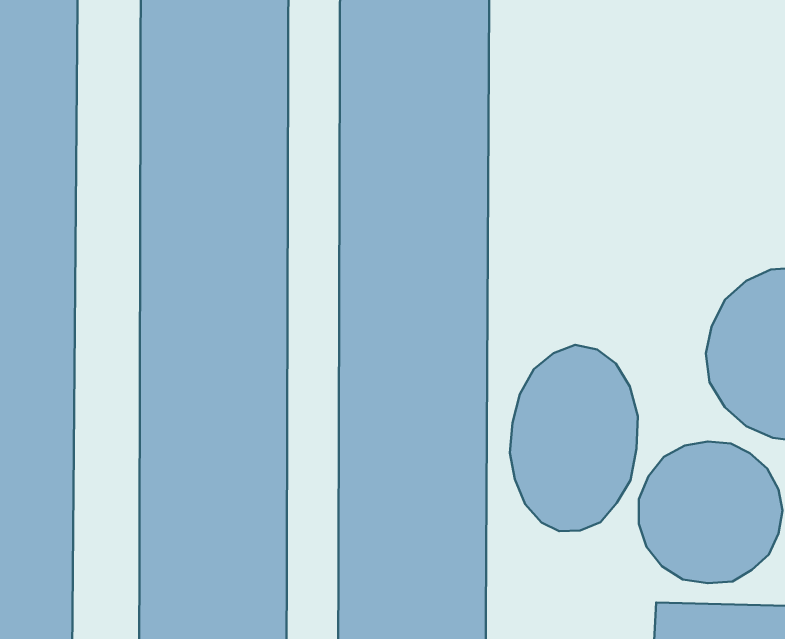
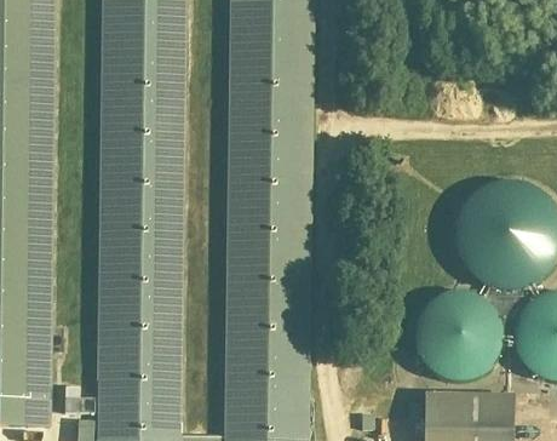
building: [510,345,638,531] -> none

